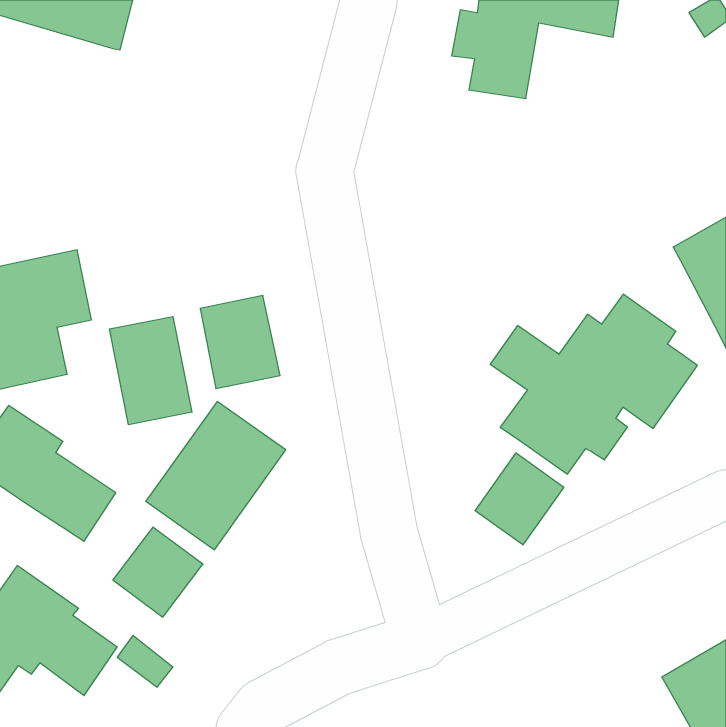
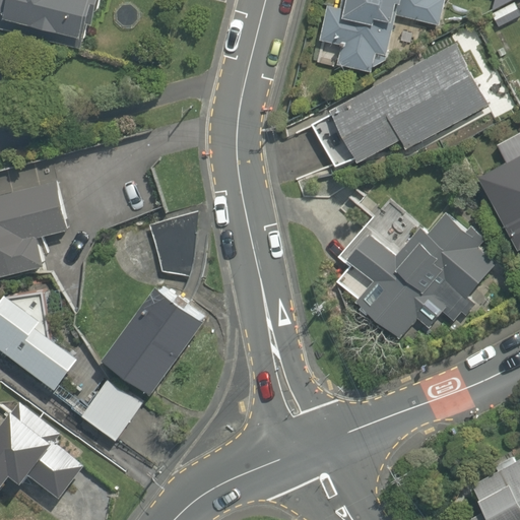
building: none -> [308,44,486,174]
building: [109,317,192,425] -> none
building: [475,453,564,545] -> none

